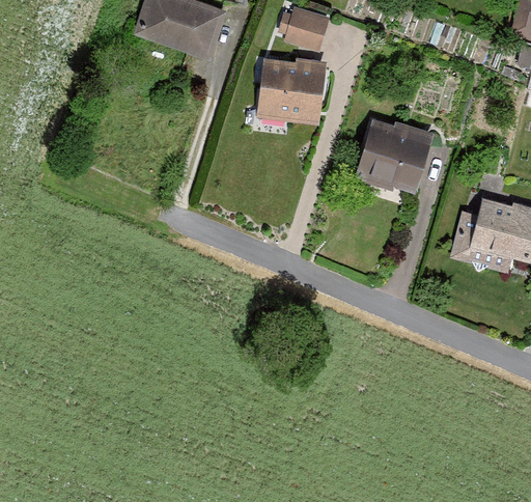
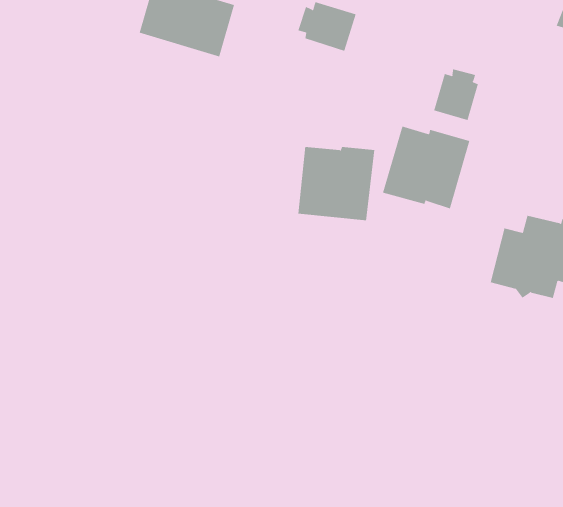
building: [257,58,327,124] -> [297,146,375,221]
building: none -> [433,68,478,121]

